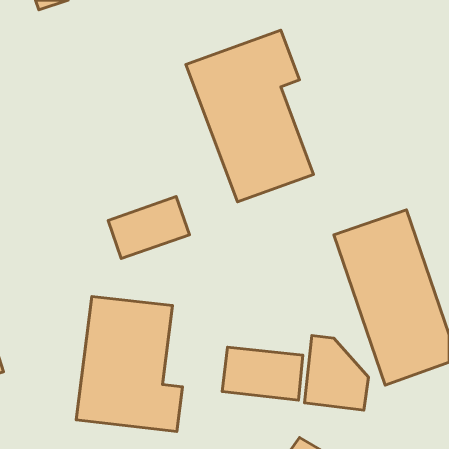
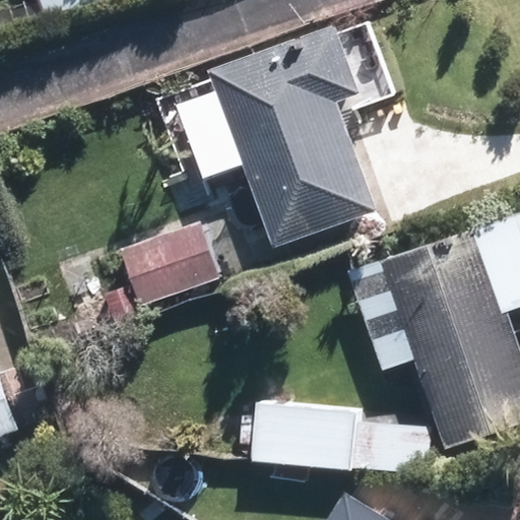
building: [76,297,182,431] -> none

